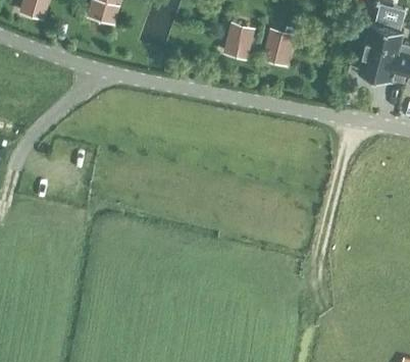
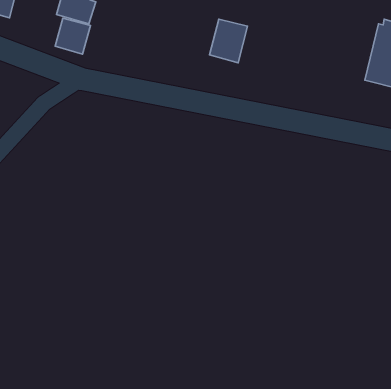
building: none -> [55,18,91,54]
building: [262,28,296,65] -> none

